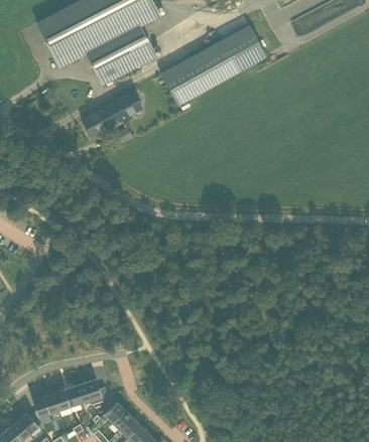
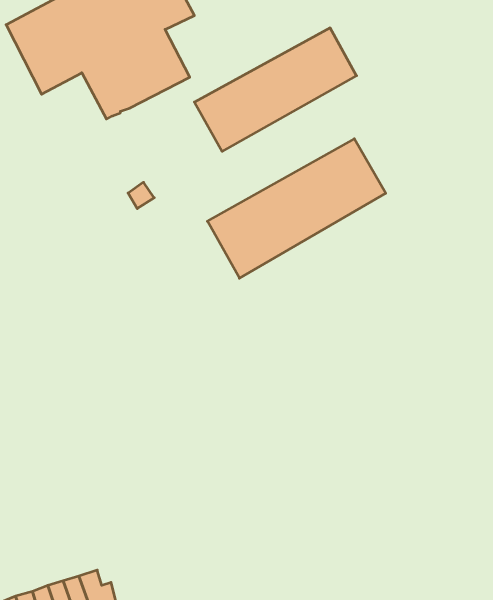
building: [82,92,142,137] -> none
building: none -> [207,139,386,278]

